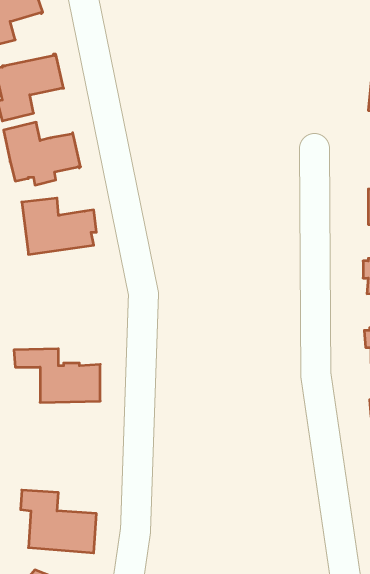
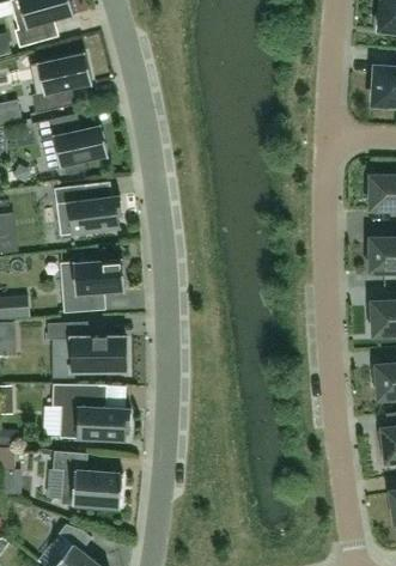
building: none -> [61,260,124,311]
building: none -> [51,384,130,440]

